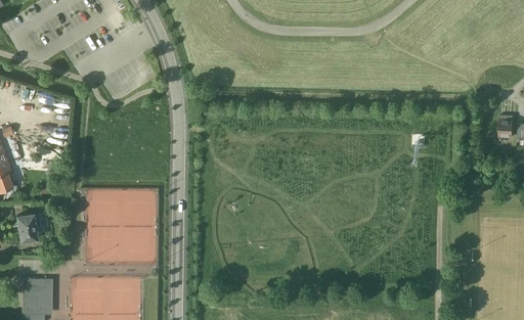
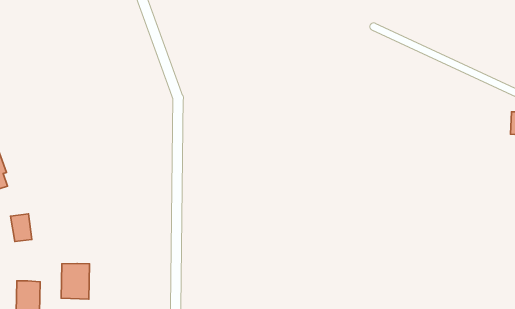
building: none -> [61,263,90,299]

